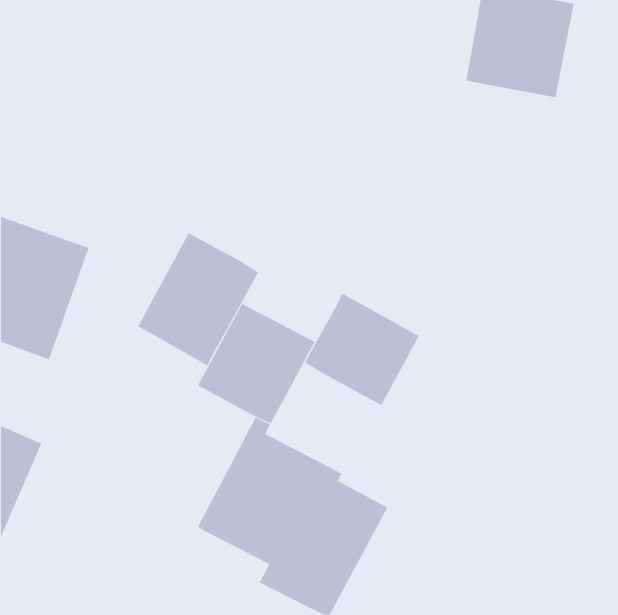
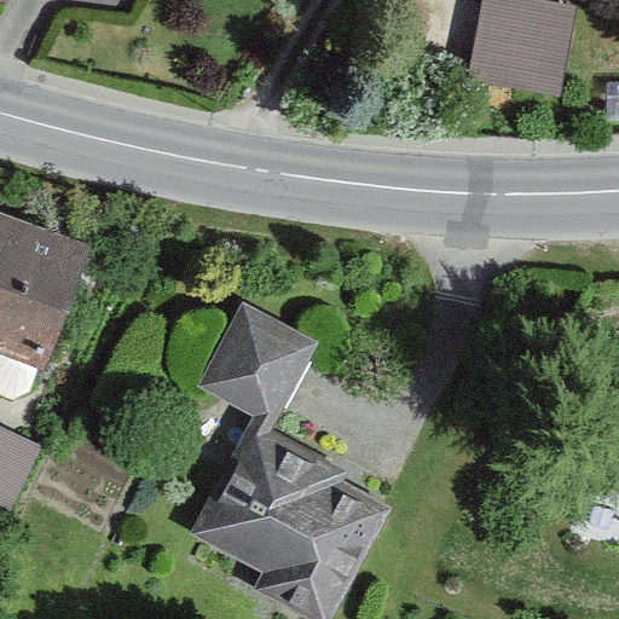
building: [137,232,259,366] -> none
building: [304,293,420,406] -> none

